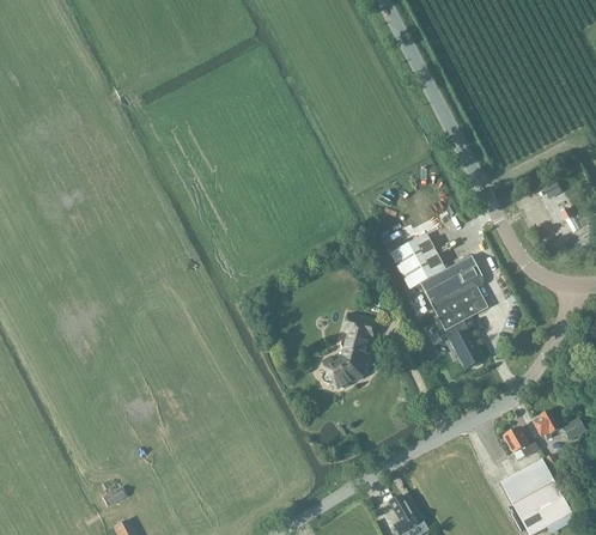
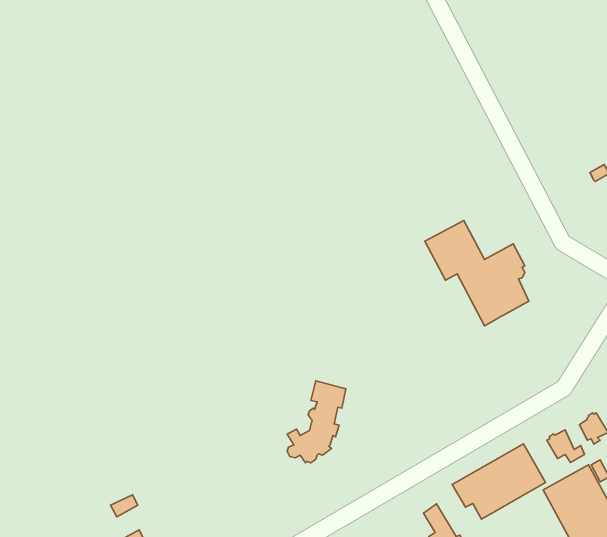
building: [322,314,376,389] -> [287,381,346,463]
building: [445,321,484,369] -> none
building: none -> [452,444,545,519]

